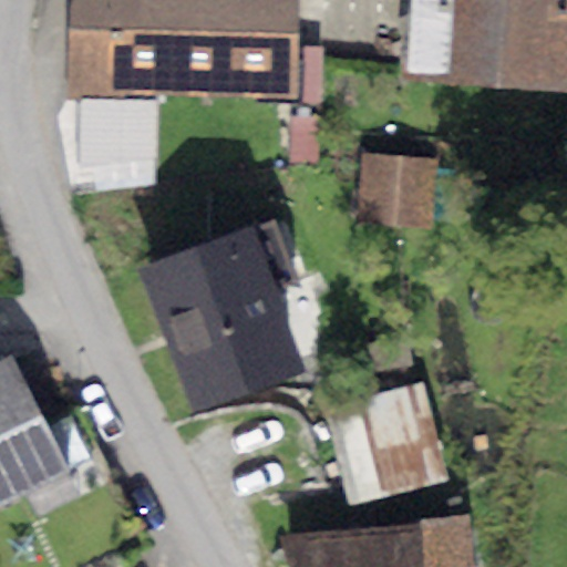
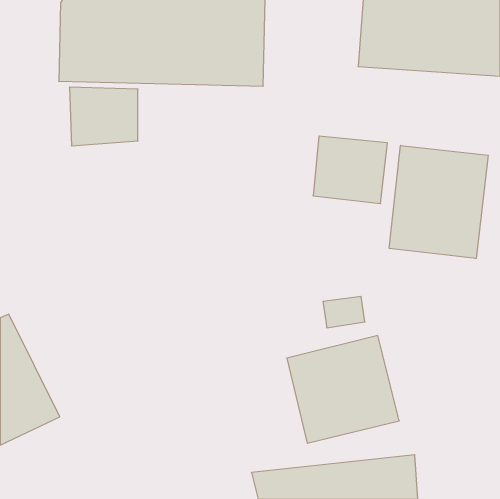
building: none -> [389,145,488,259]
building: [144,219,307,409] -> none

